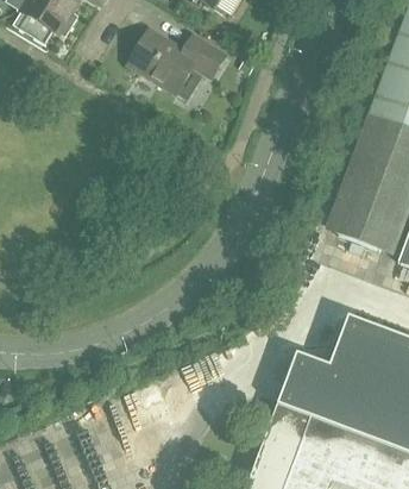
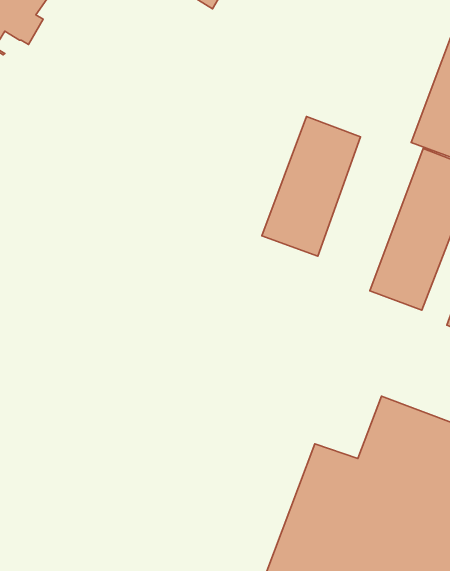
building: [127,29,226,101] -> none
building: none -> [262,117,360,256]

